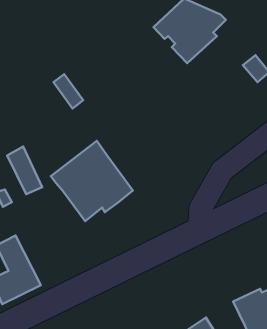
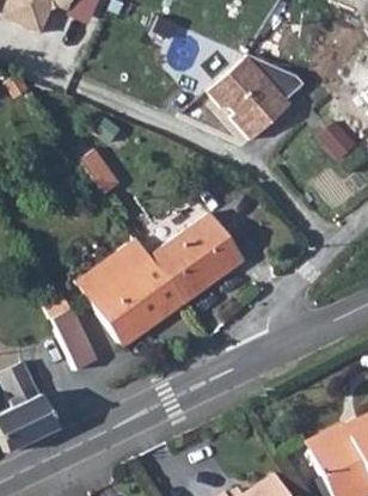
building: none -> [146,210,237,304]
building: [7,146,42,194] -> [51,312,98,375]

